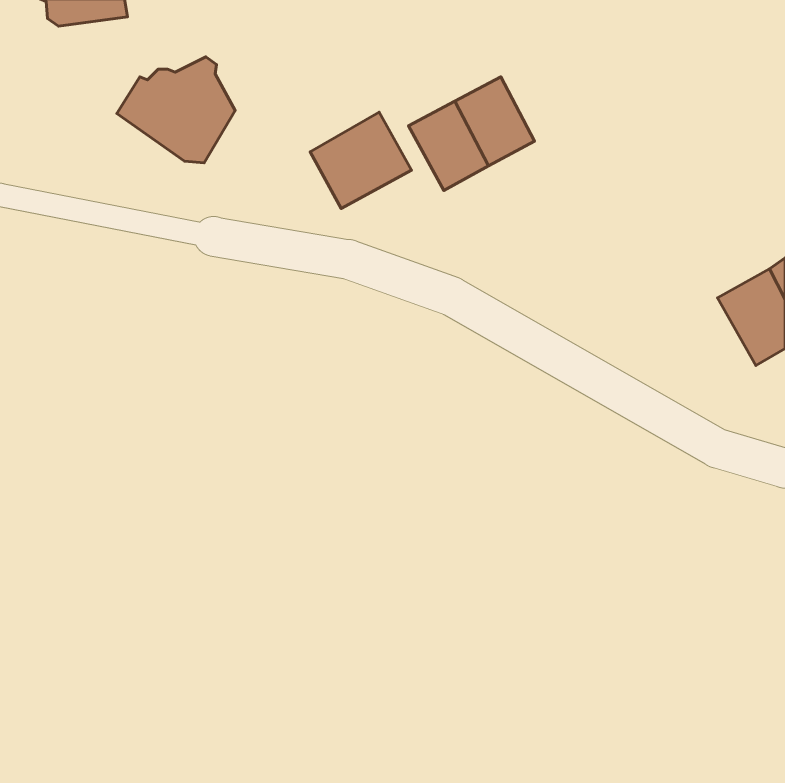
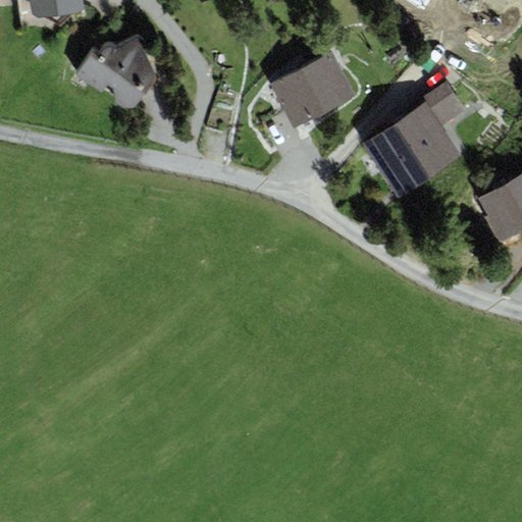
building: [310,112,412,209] -> none
building: none -> [363,81,466,198]

